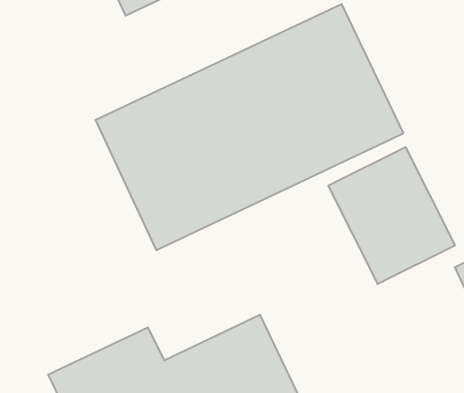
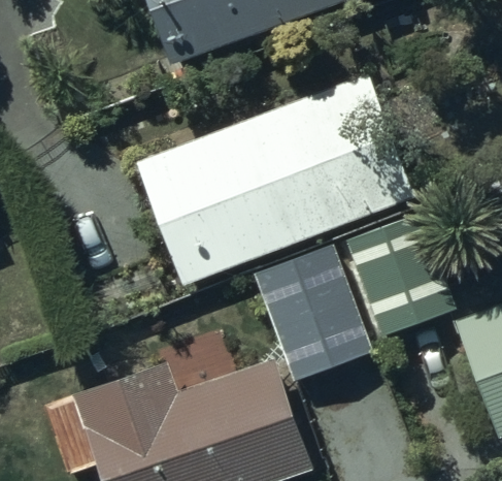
building: none -> [253,246,374,381]

